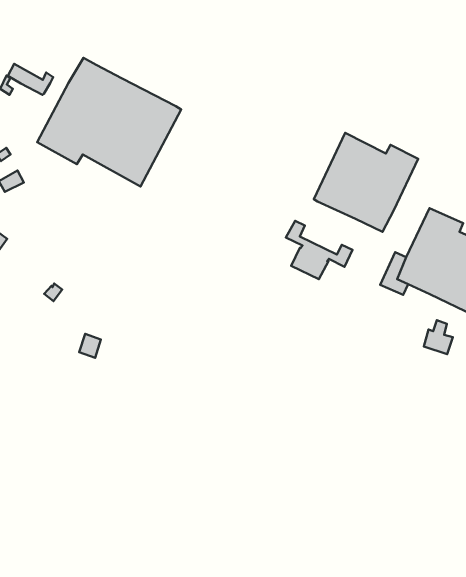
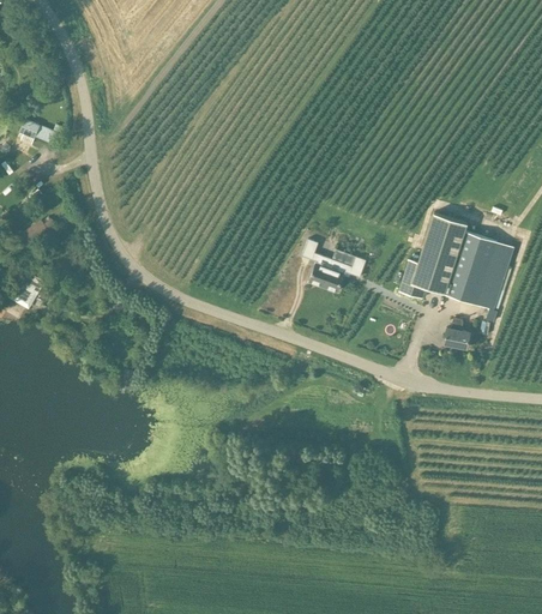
building: [37,58,181,186] -> none
building: [314,133,418,232] -> none

